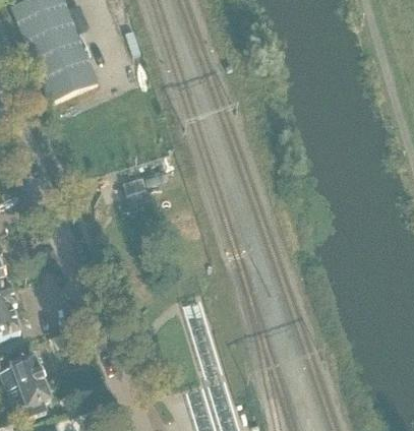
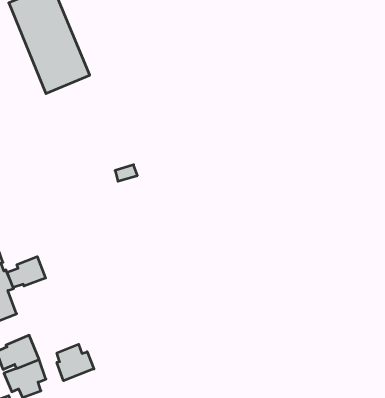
building: none -> [7,257,46,288]
building: none -> [57,344,94,381]

